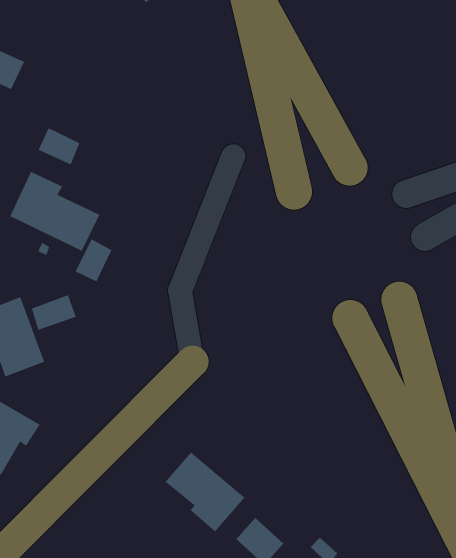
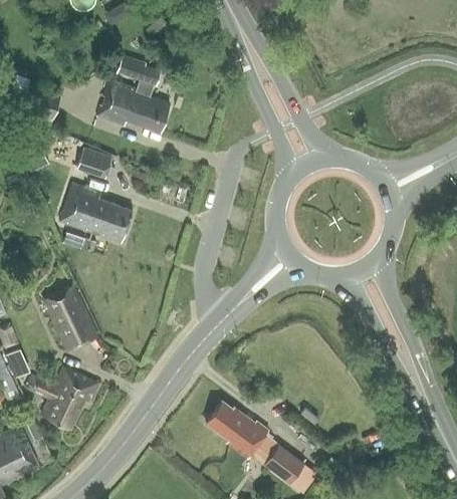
building: none -> [96,54,170,135]
building: [75,238,113,283] -> none
building: [31,294,77,331] -> none

